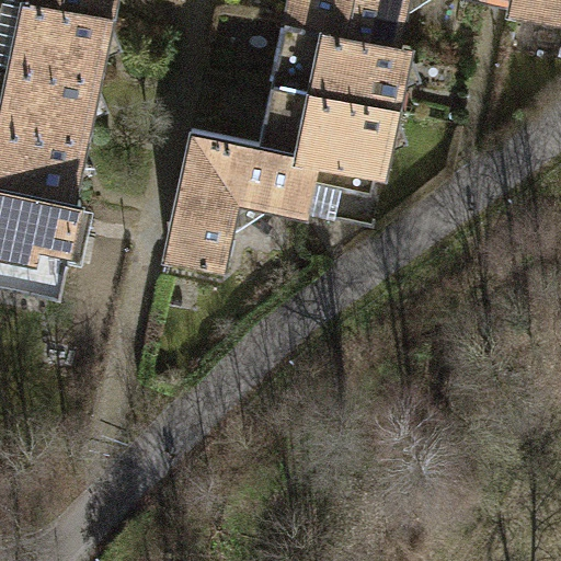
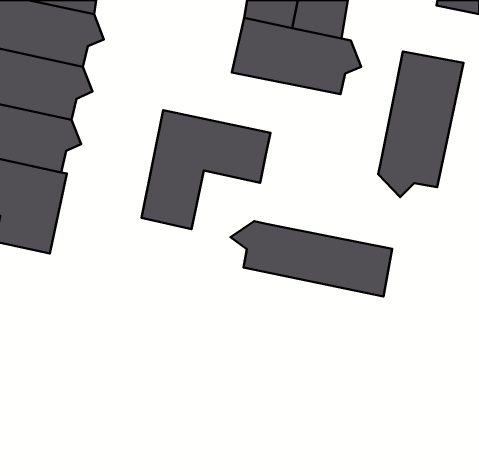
building: none -> [378,51,463,197]
building: [257,91,407,192] -> none
building: none -> [230,221,392,296]

